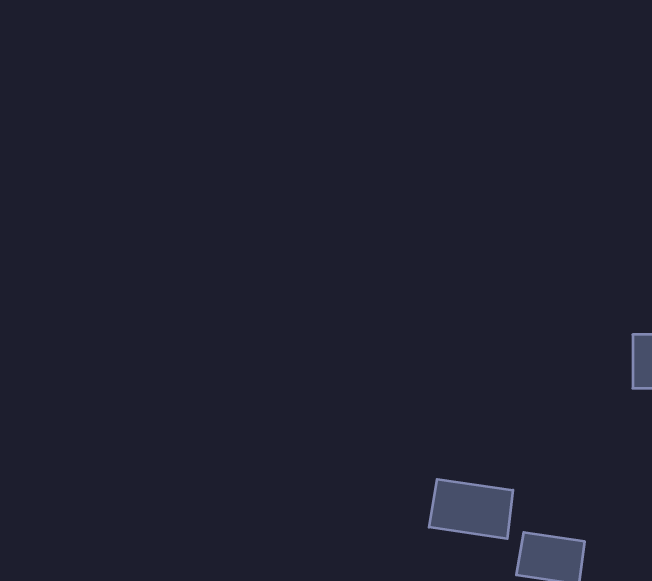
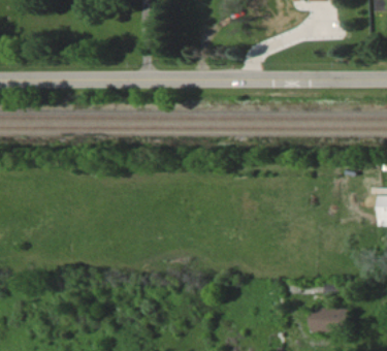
building: [429,479,513,539] -> none

